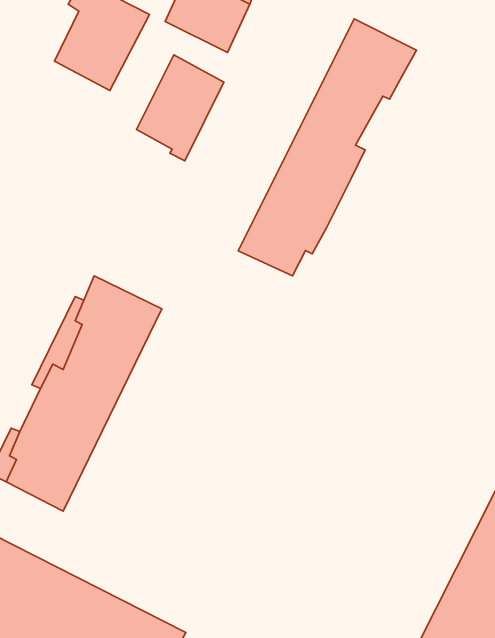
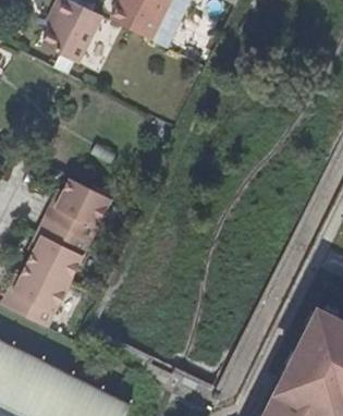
building: [238,19,417,276] -> none
building: [137,55,224,161] -> none

